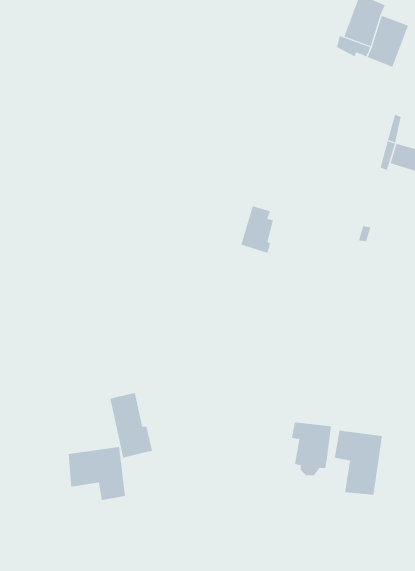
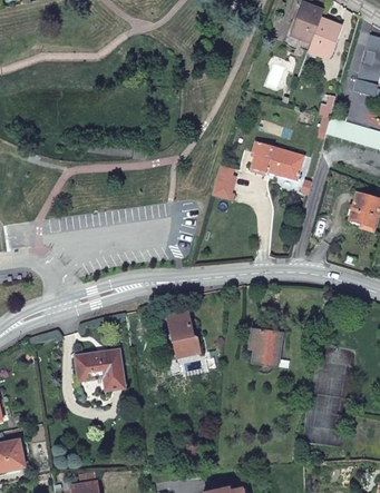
building: none -> [250,140,304,180]
building: [109,393,153,458] -> [167,308,201,358]
building: [334,430,383,496] -> none

